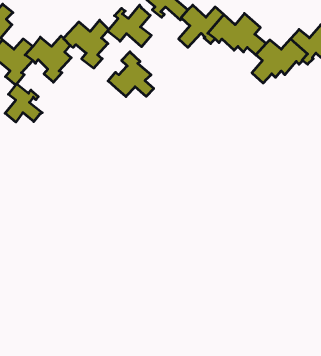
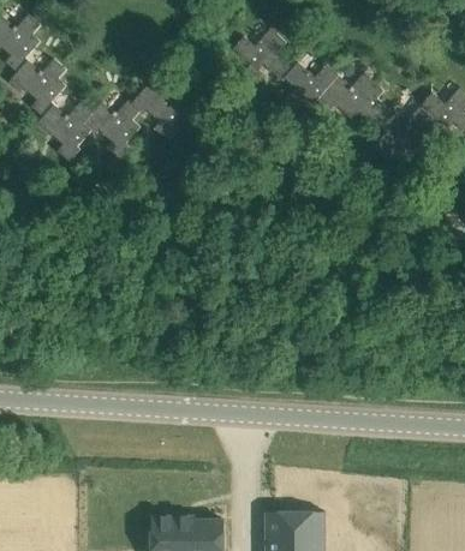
building: [108,5,151,47] -> none
building: [108,52,154,97] -> none
building: [5,84,42,122] -> none

